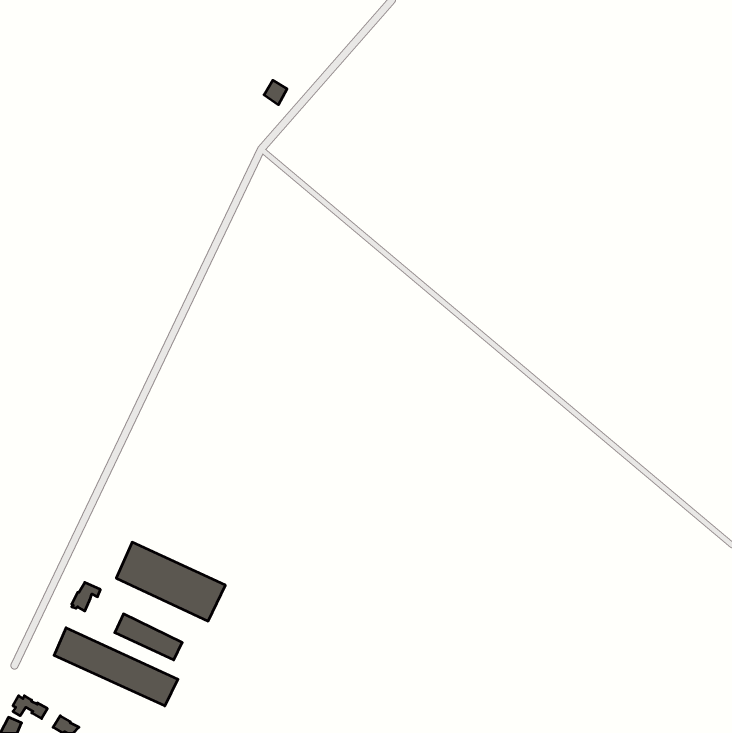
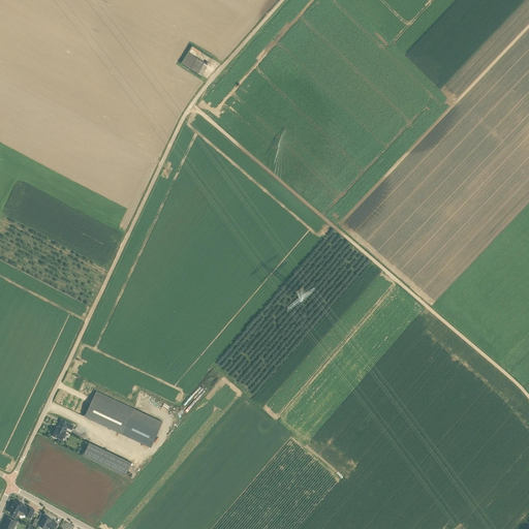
building: [54,628,178,706] -> none

